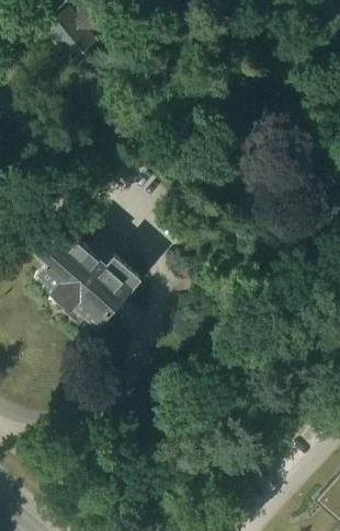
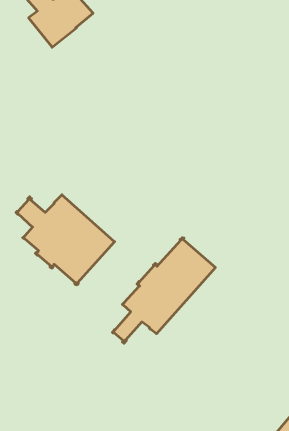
building: none -> [112,238,215,343]

